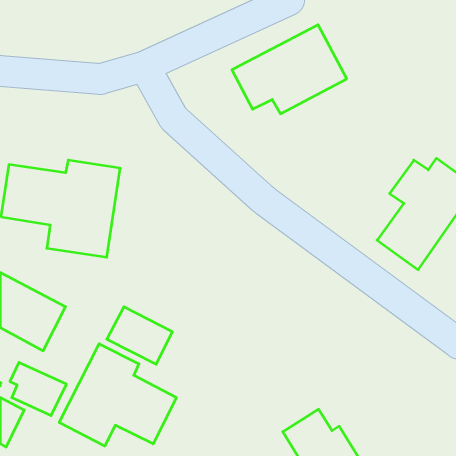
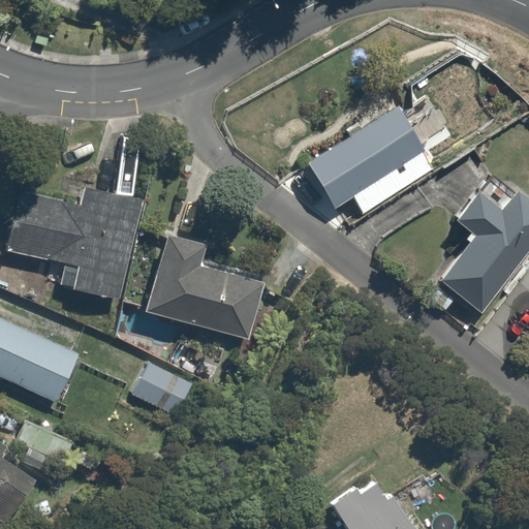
building: [232,25,347,114] -> [306,111,438,213]
building: none -> [144,232,263,339]
building: [59,344,176,446] -> none

